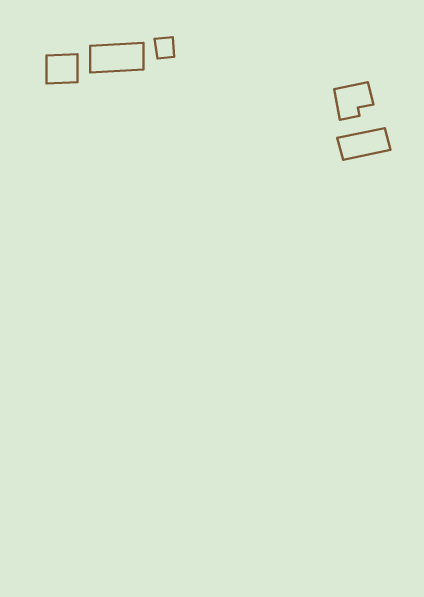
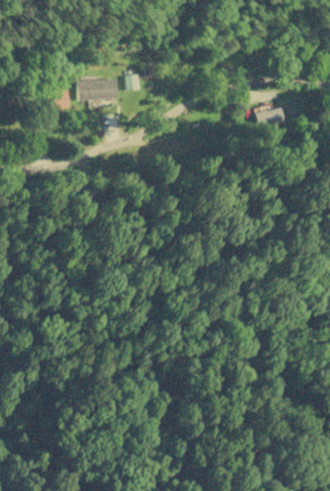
building: [337,128,391,160] -> none

